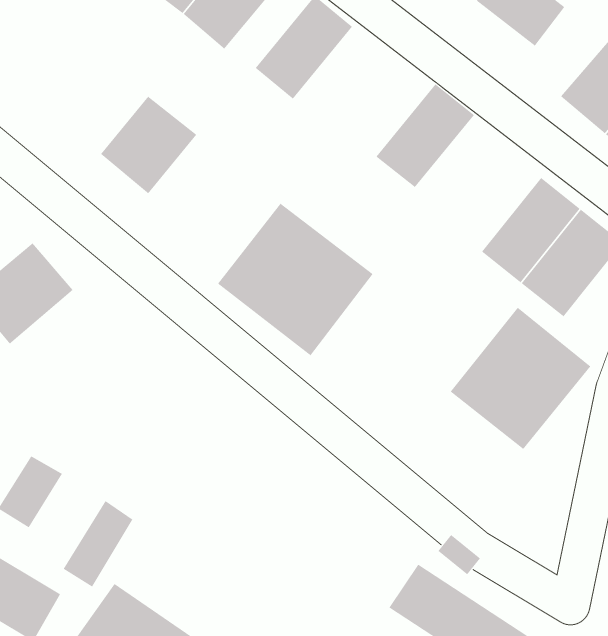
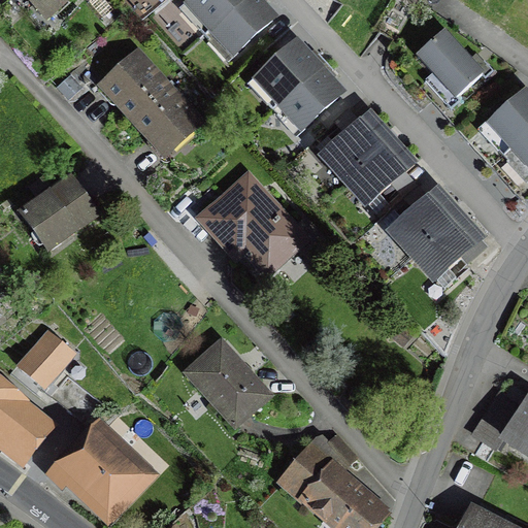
building: none -> [272,58,350,133]
building: none -> [97,50,169,121]
building: none -> [350,134,427,208]
building: [450,307,591,450] -> none
building: none -> [189,342,264,421]
building: [63,500,133,587] -> none

